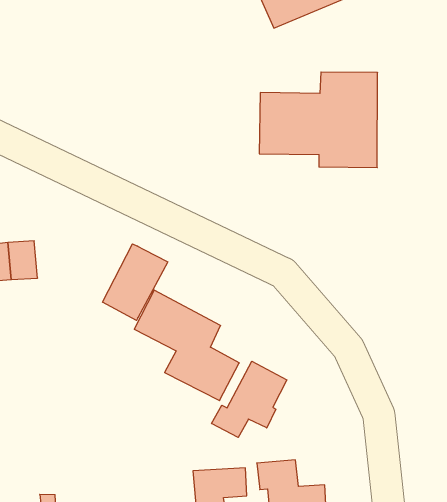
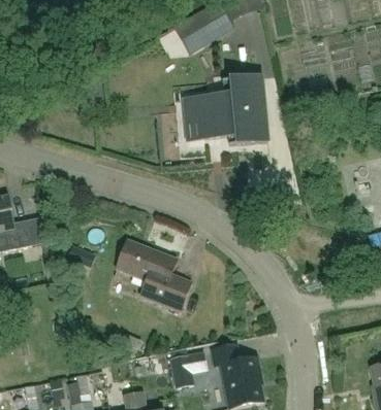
building: [103,244,168,320] -> none
building: [212,361,287,437] -> none

